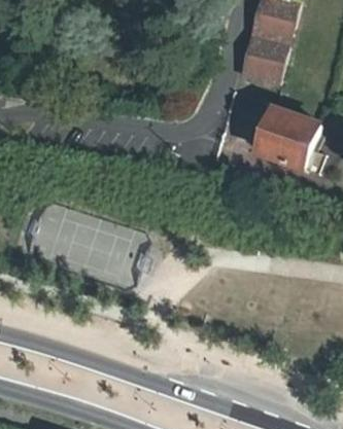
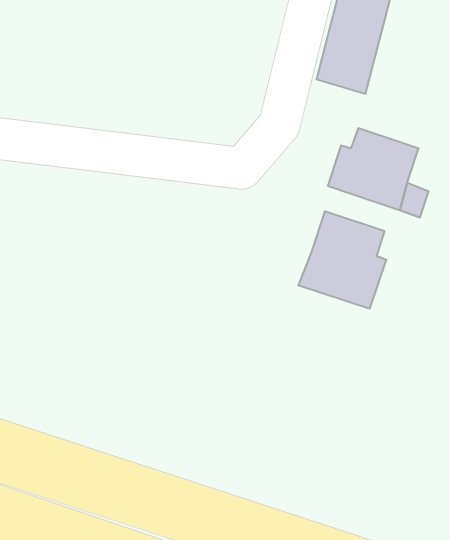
building: none -> [298,211,386,309]

